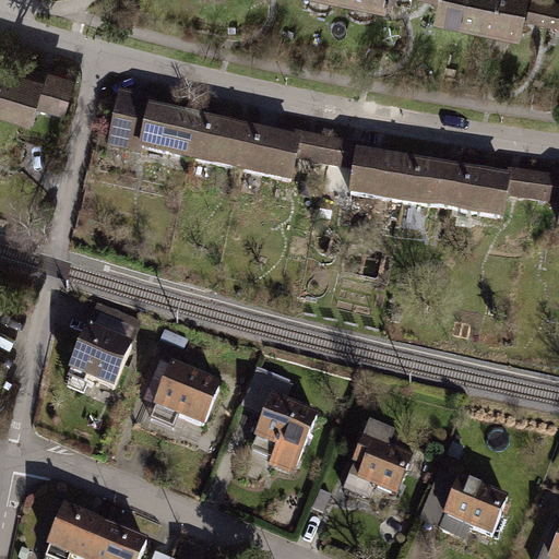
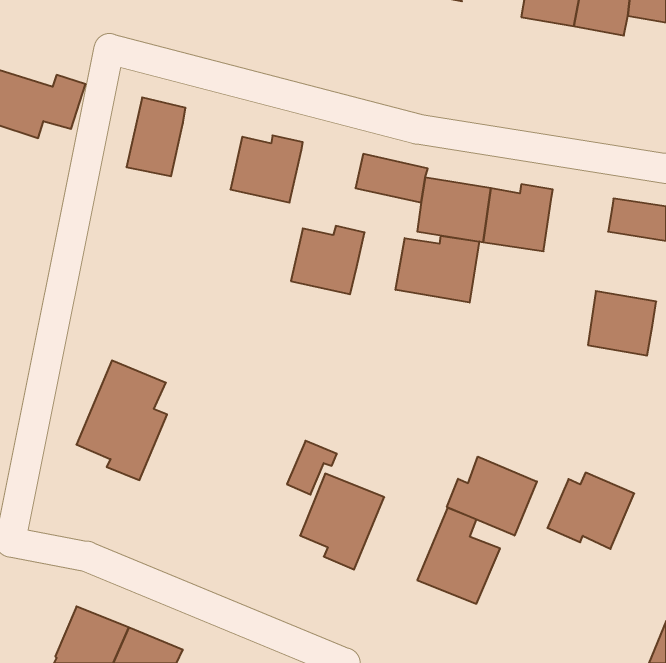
building: [142,103,201,157] -> none
building: [240,122,301,179] -> [291,226,365,294]
building: [451,164,508,217] -> [588,291,656,356]
building: none -> [396,236,479,303]
building: [147,361,226,438] -> none
building: none -> [447,457,537,536]
building: [439,479,511,543] -> [547,473,634,549]

